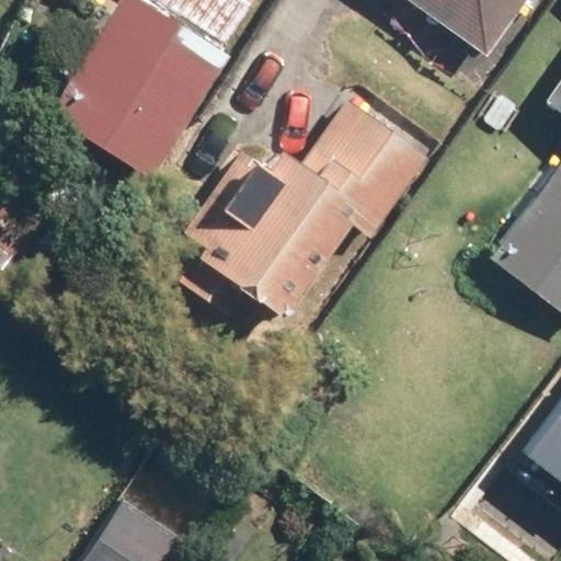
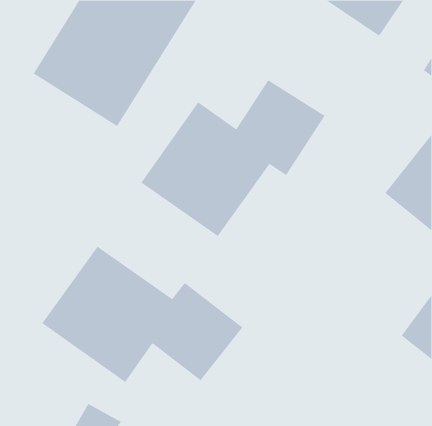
building: none -> [41,246,243,383]

